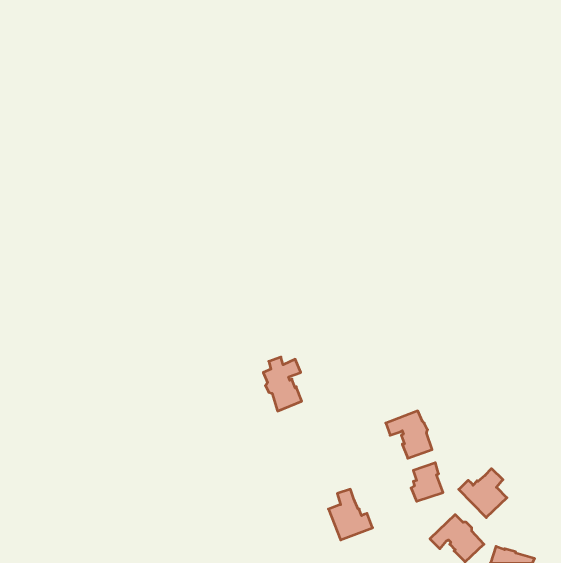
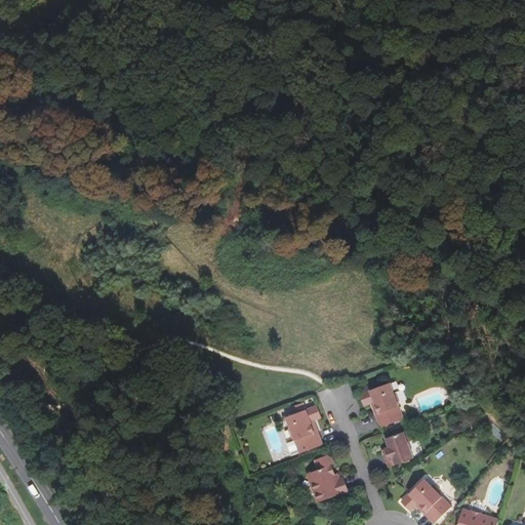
building: [263,357,302,411] -> [285,403,321,453]
building: [459,469,507,518] -> none

